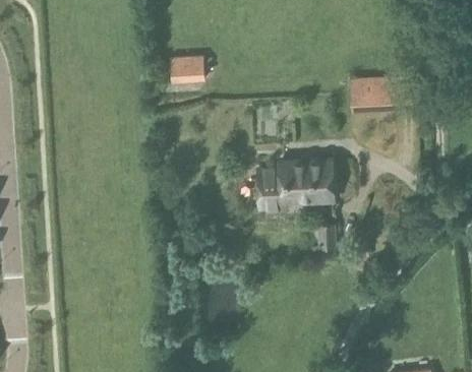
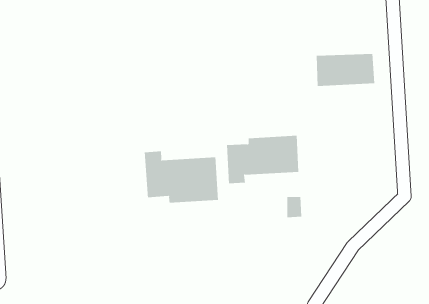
building: [170,53,206,79] -> none
building: none -> [144,151,218,203]

